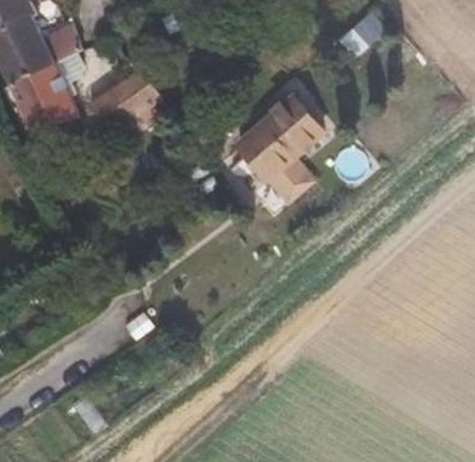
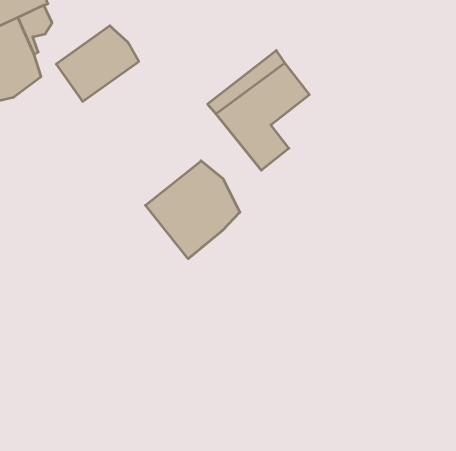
building: none -> [145,161,240,259]

